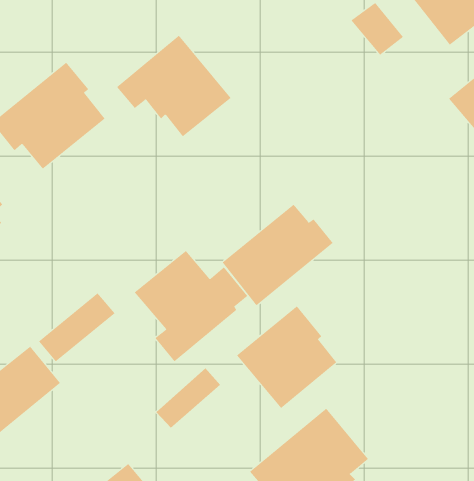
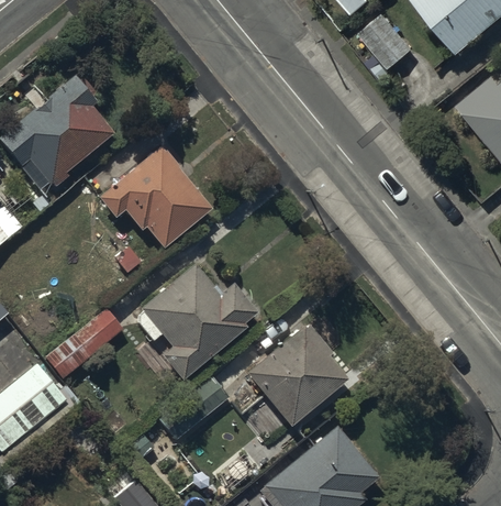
building: [116,35,231,137] -> [97,143,213,246]
building: [222,204,334,306] -> none

